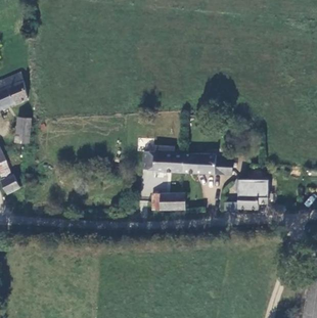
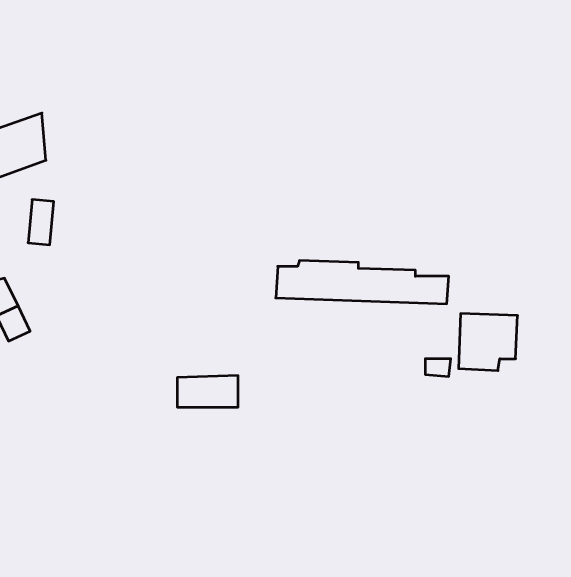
building: [153,193,185,210] -> [177,376,238,407]

